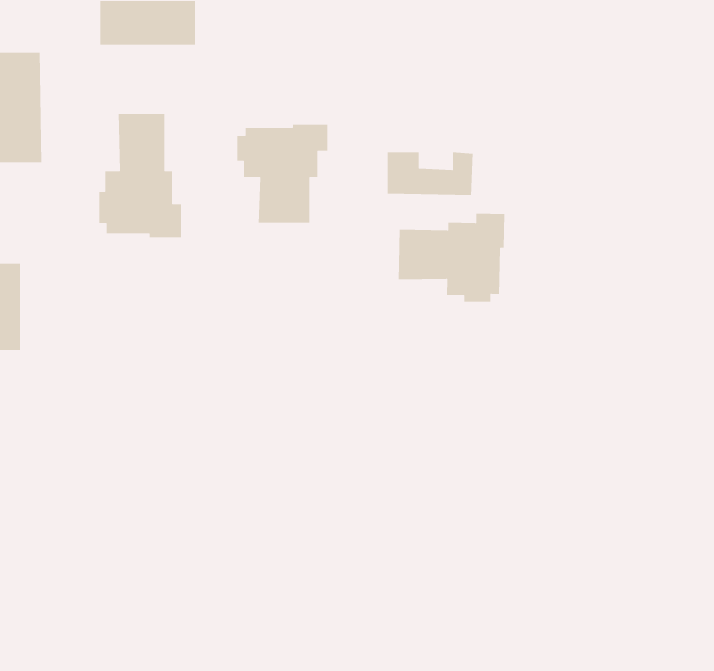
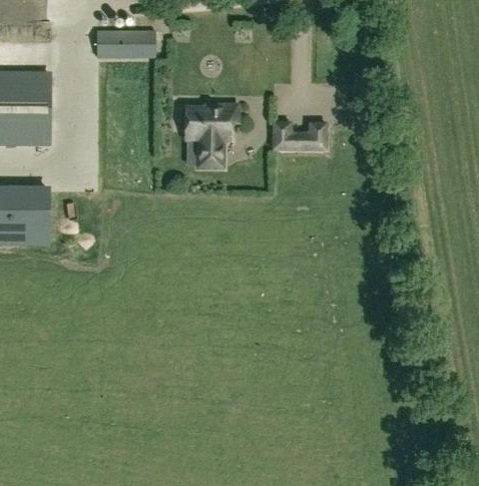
building: [98,113,182,238] -> none
building: [398,213,505,303] -> none

